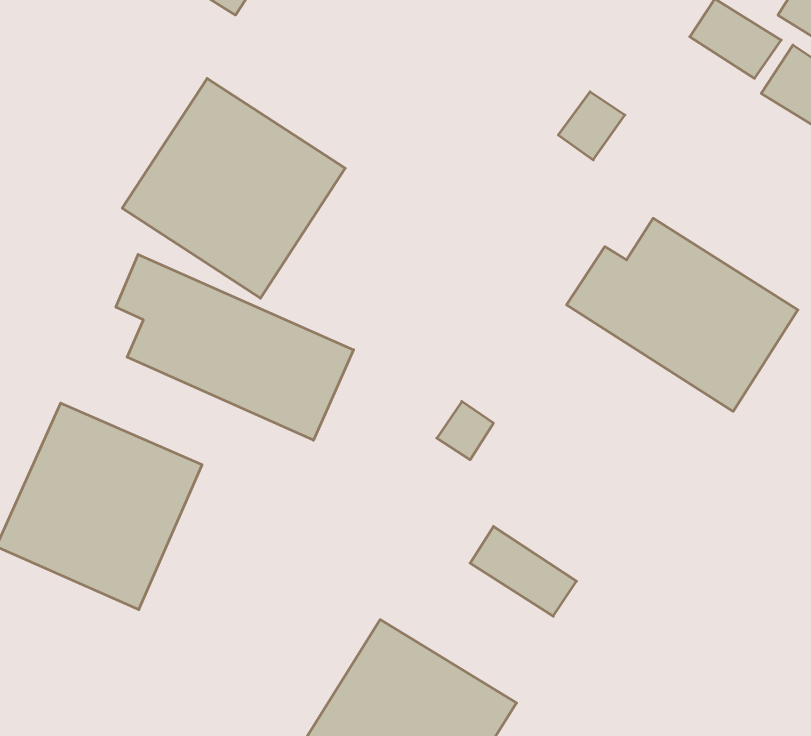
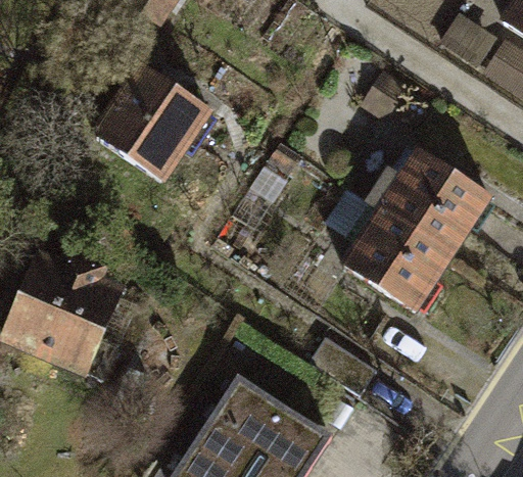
building: [116,254,354,440] -> none
building: none -> [328,192,457,319]

